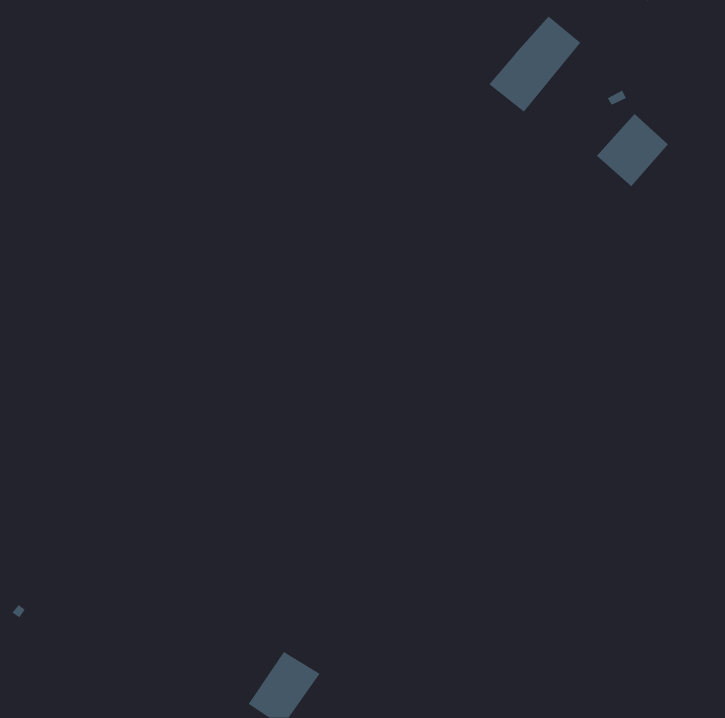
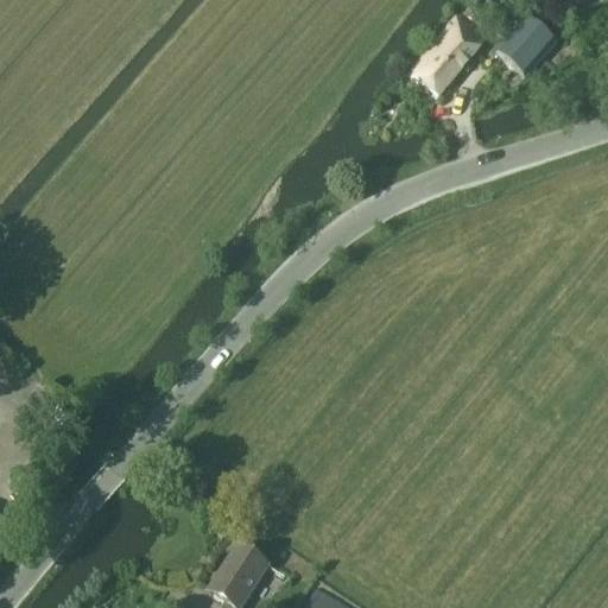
building: [596,113,669,187] -> [496,13,557,75]

